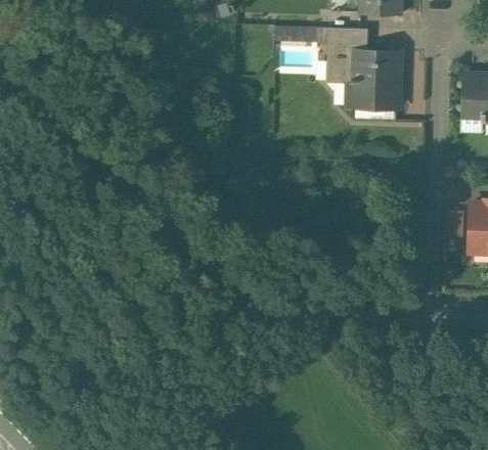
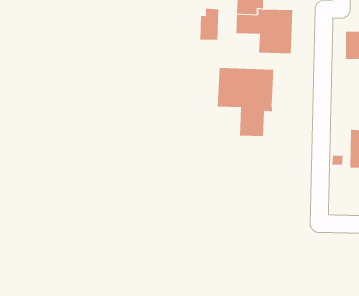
building: none -> [200,8,219,41]
building: none -> [217,67,274,137]

